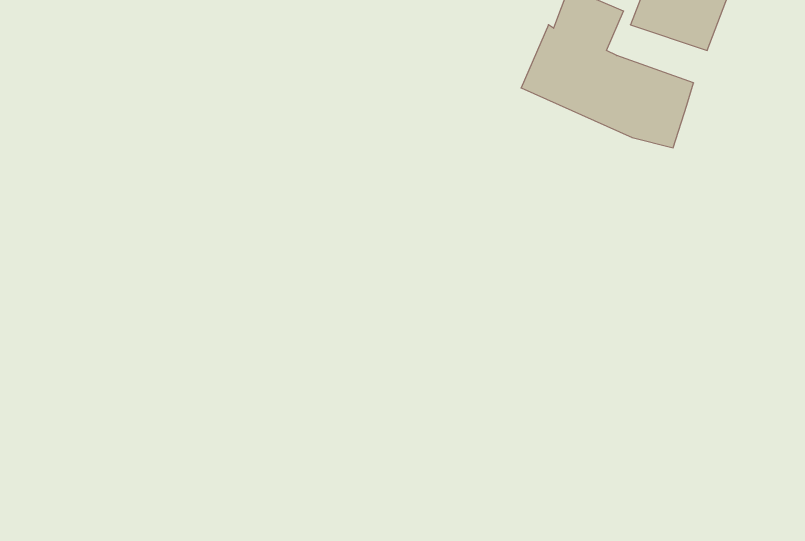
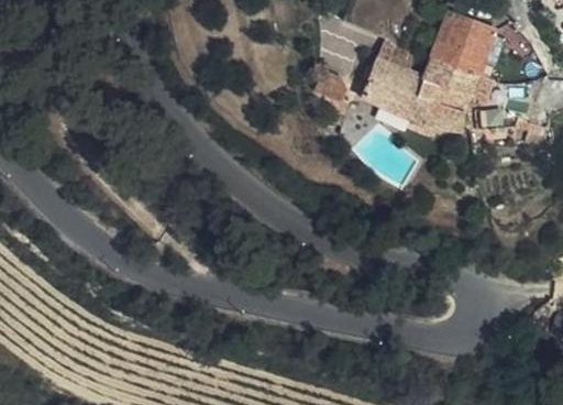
building: none -> [421,56,479,94]

